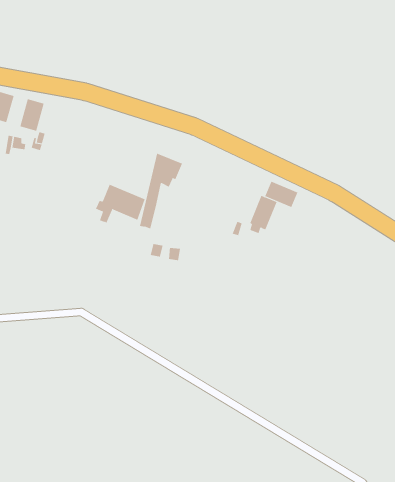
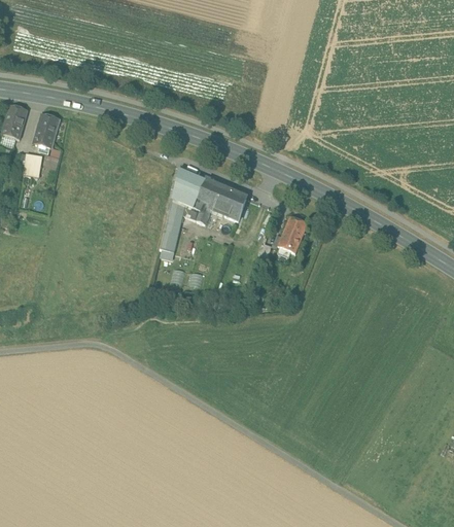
building: [264,181,298,208] -> none
building: [95,184,146,223] -> [194,180,247,222]

